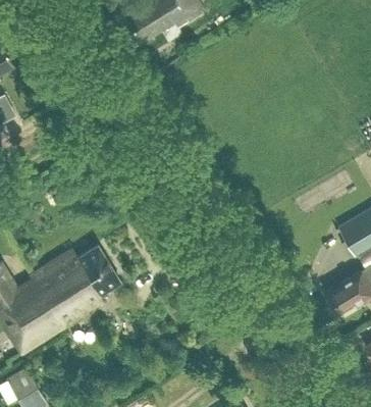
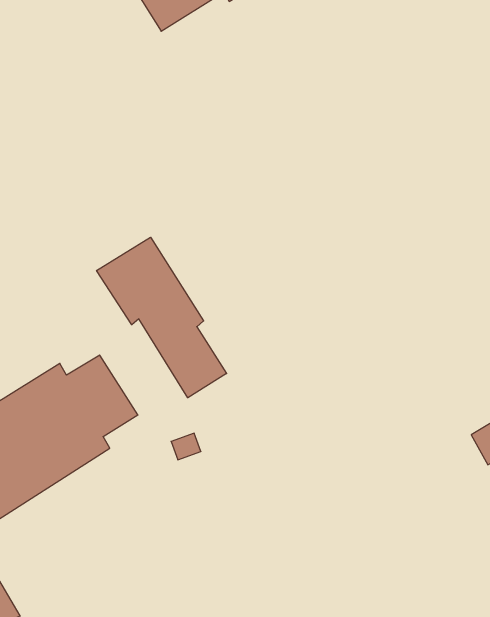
building: none -> [97,237,227,398]

